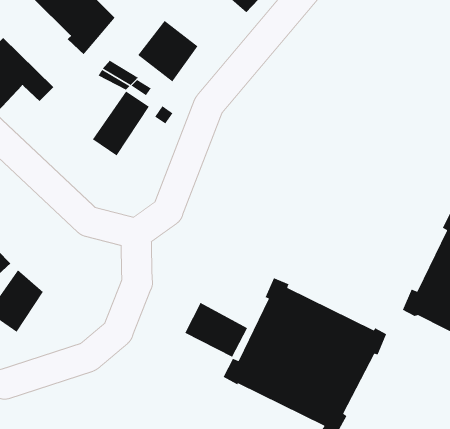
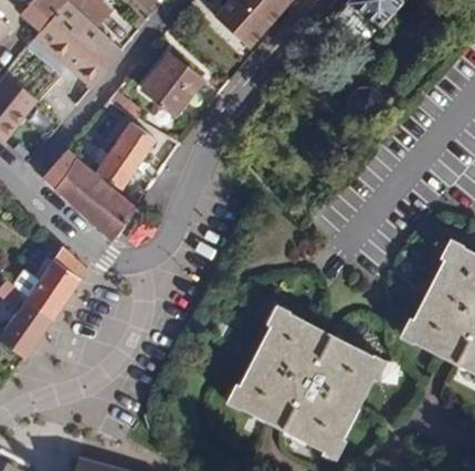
building: none -> [43,150,136,242]
building: none -> [27,247,86,318]
building: [184,302,248,358] -> none

